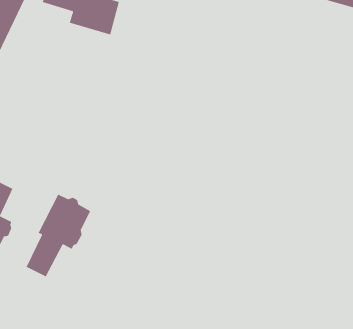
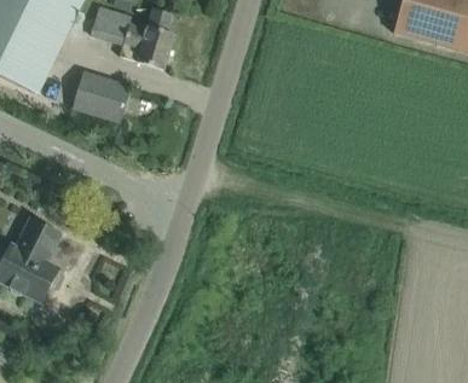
building: none -> [73,71,129,121]
building: [25,193,91,278] -> none

